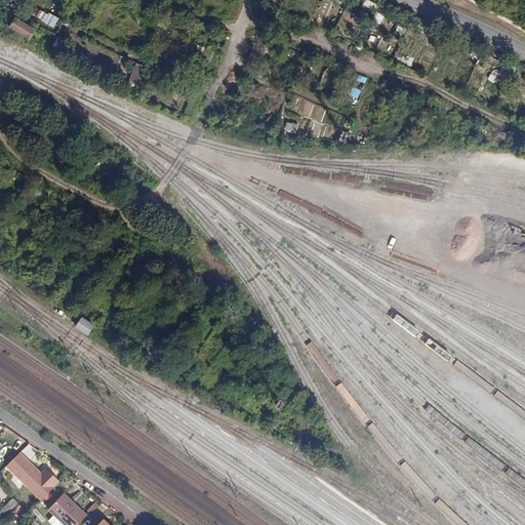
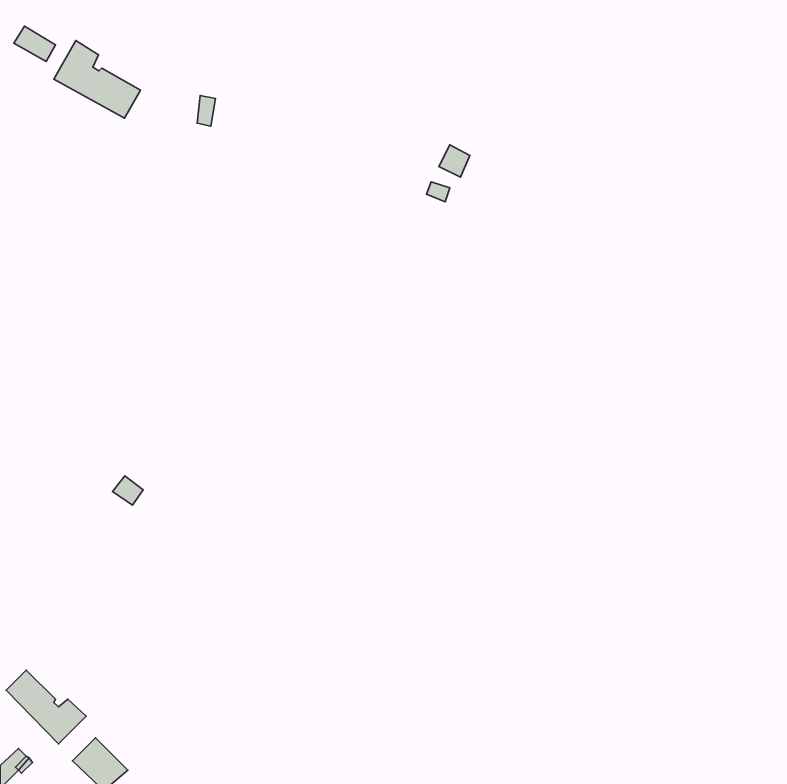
building: none -> [54,40,140,118]

